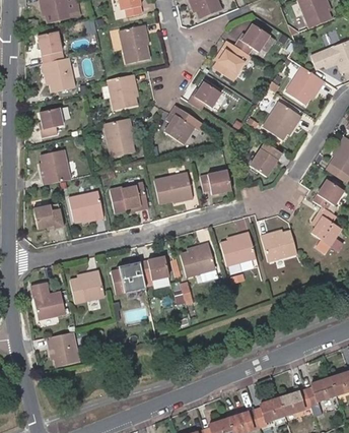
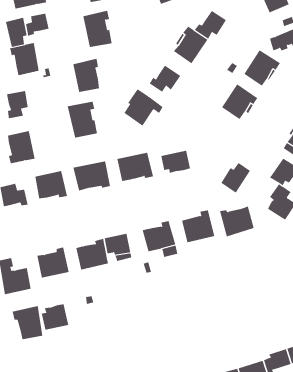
building: none -> [25,13,49,37]
building: [251,143,282,176] -> [220,162,251,193]
building: none -> [41,304,69,331]

